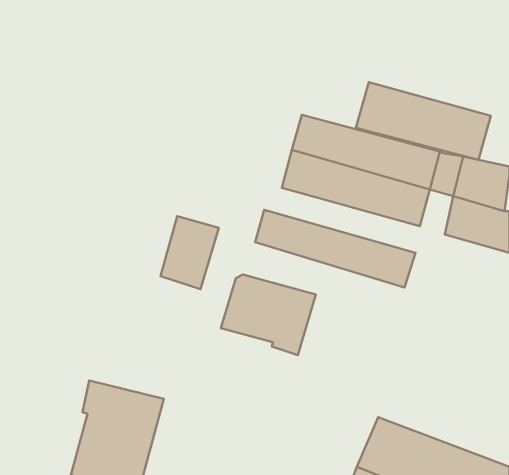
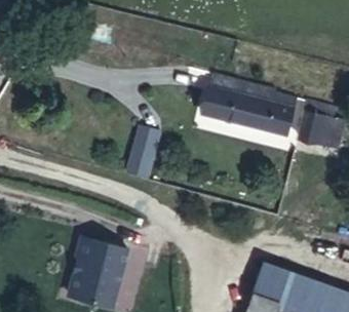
building: [356,82,491,160] -> none
building: [255,210,415,287] -> none
building: [221,275,316,355] -> none

